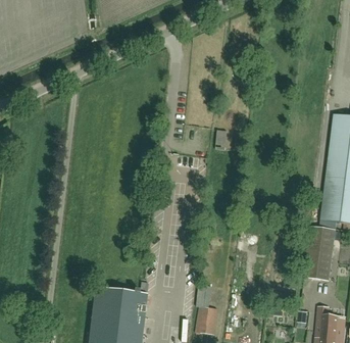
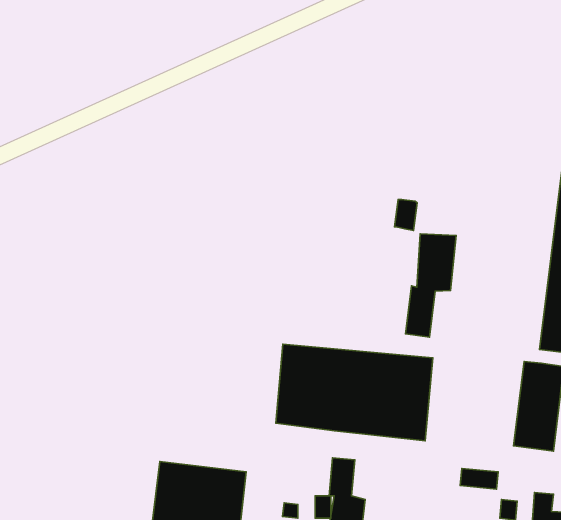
building: none -> [405,234,456,337]
building: none -> [276,344,433,441]

